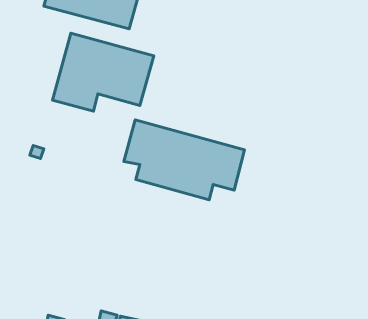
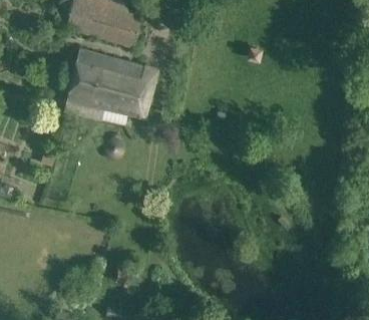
building: [124,120,245,200] -> none

